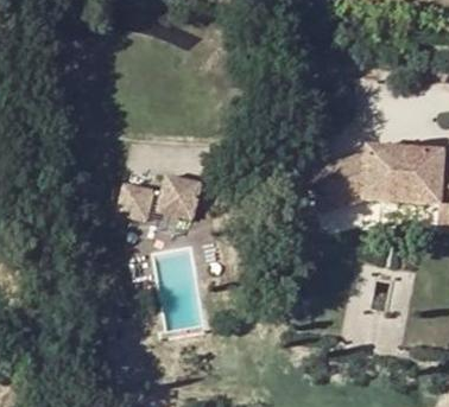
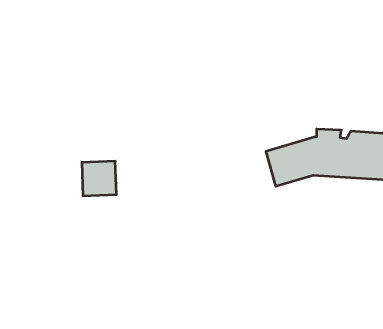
building: [153,171,200,218] -> none

